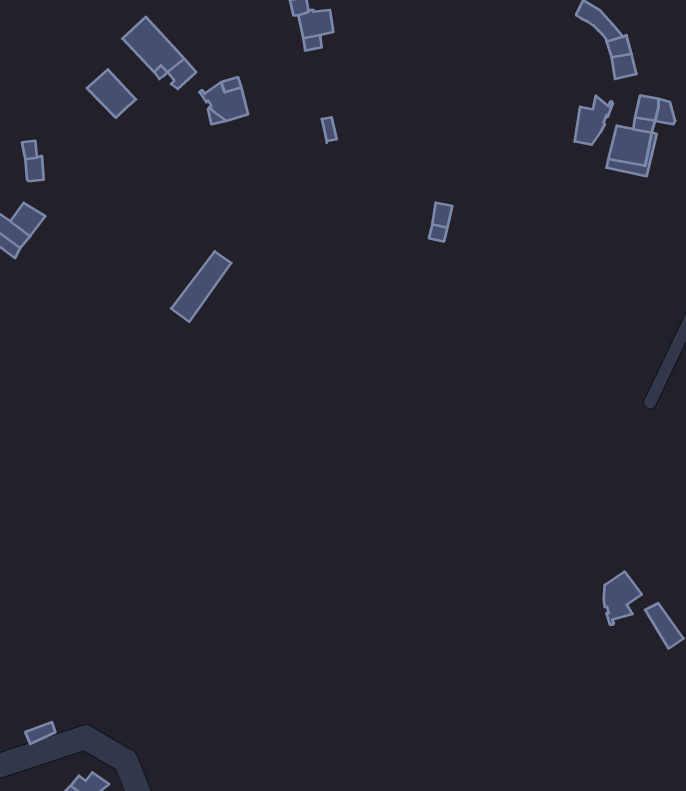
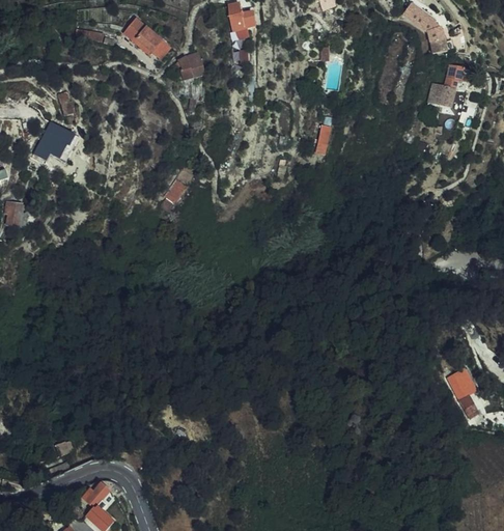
building: [87,69,136,118] -> none
building: [575,96,613,145] -> none
building: [604,572,642,625] -> none

